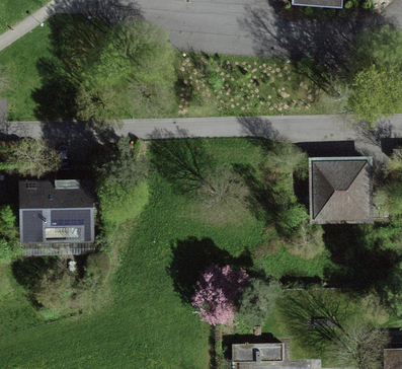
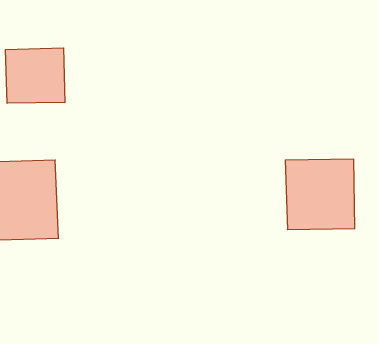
building: none -> [6,48,65,103]

